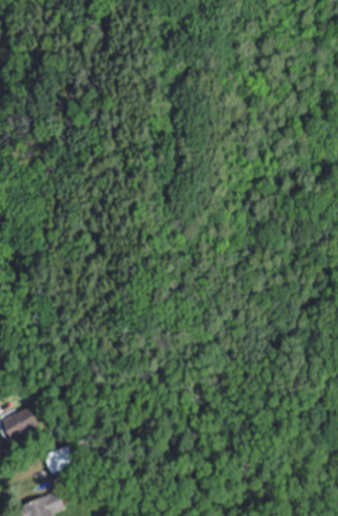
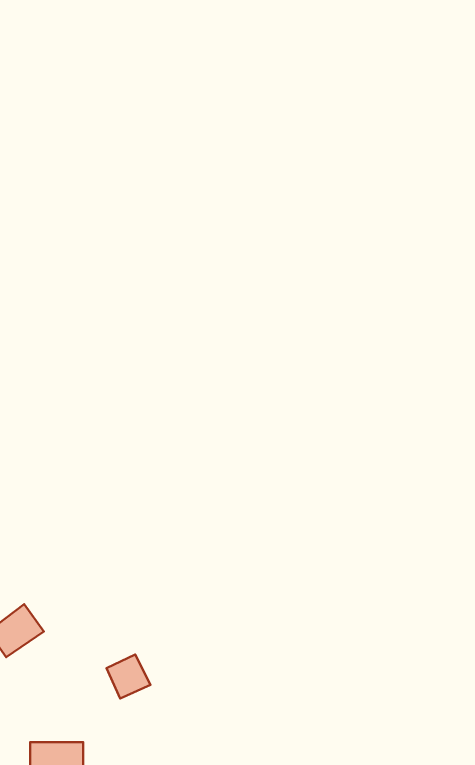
building: [44,444,74,474] -> [106,654,150,698]

